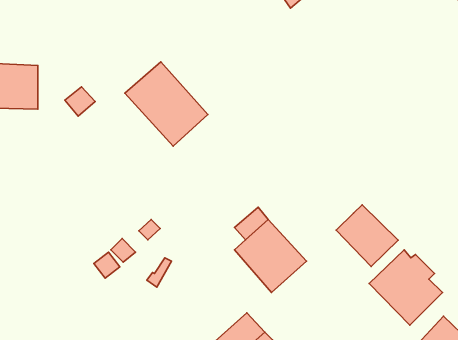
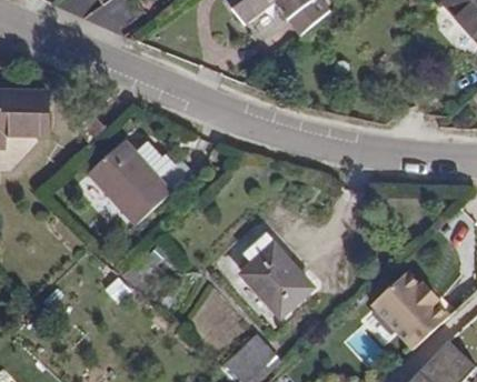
building: [125,62,208,146] -> [87,141,169,224]
building: [336,205,398,267] -> none

